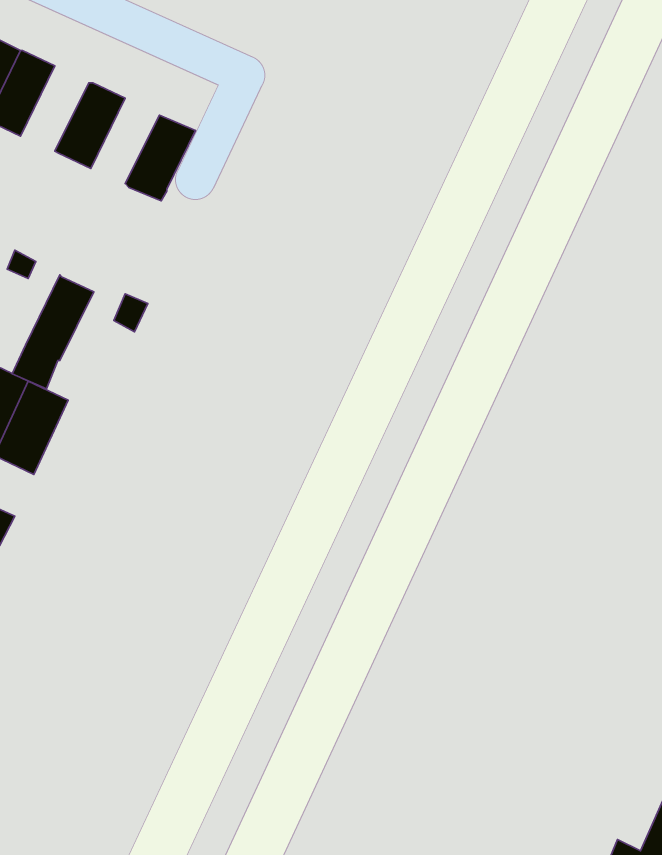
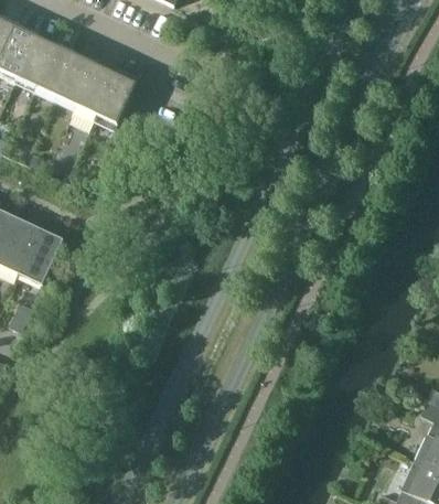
building: none -> [36,45,76,95]
building: [12,275,94,389] -> [69,64,117,130]

